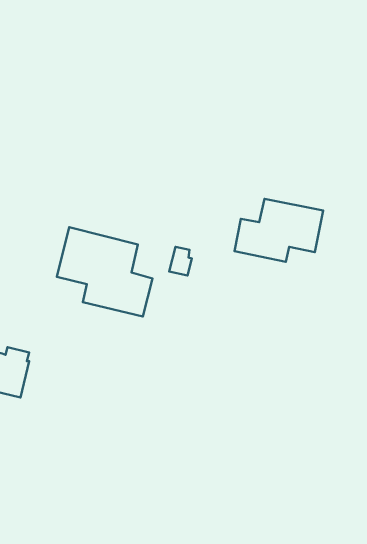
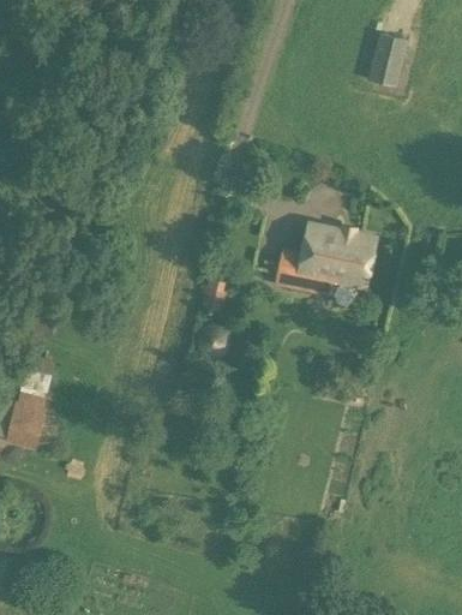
building: none -> [368,32,409,86]
building: [57,227,152,317] -> none

